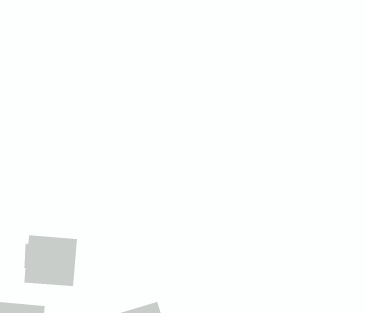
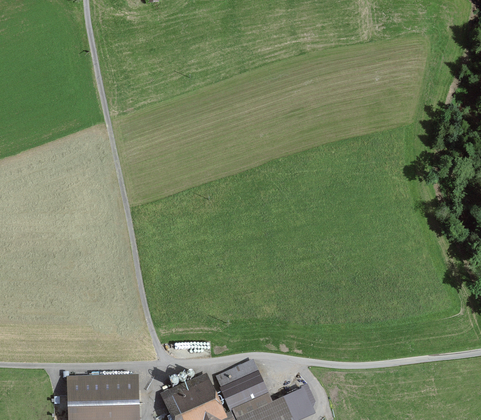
building: [24,234,78,287] -> none

